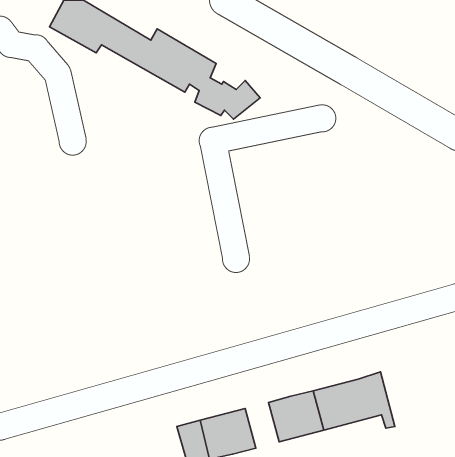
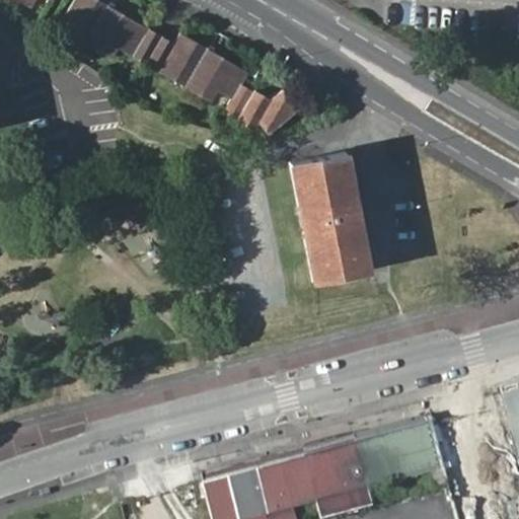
building: none -> [292,150,373,284]
building: none -> [281,456,319,508]

